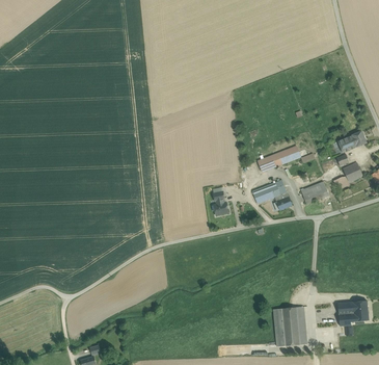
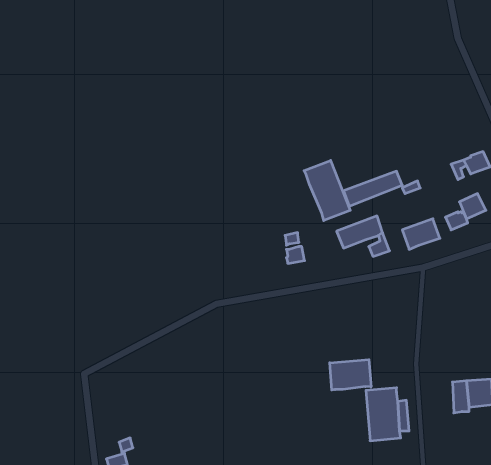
building: none -> [304,160,350,221]
building: none -> [330,360,371,390]

